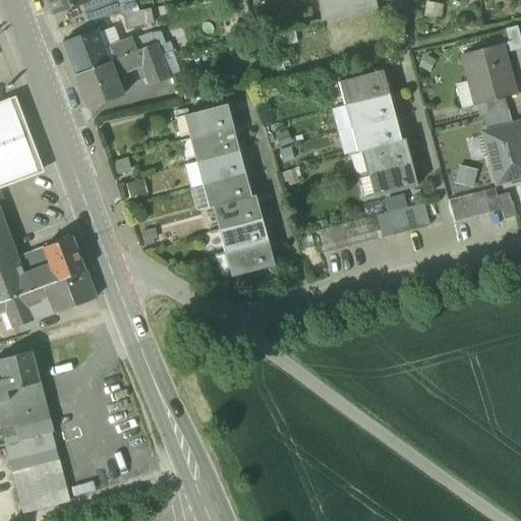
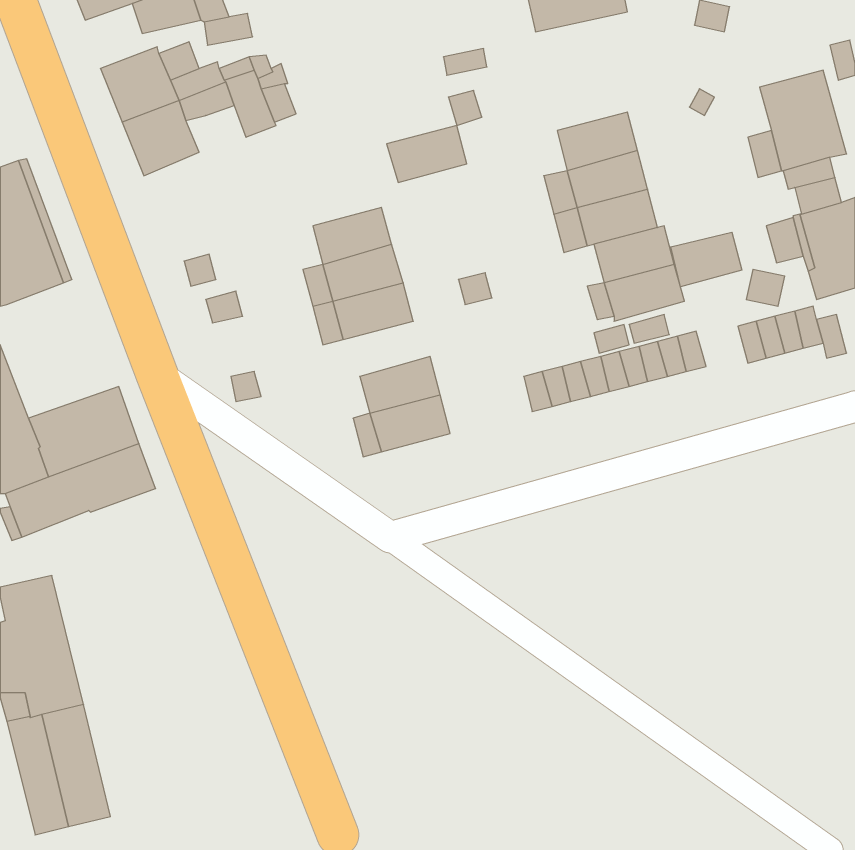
building: [183,103,232,137] -> [387,125,467,182]
building: none -> [671,232,742,287]
building: [213,194,262,229] -> none

